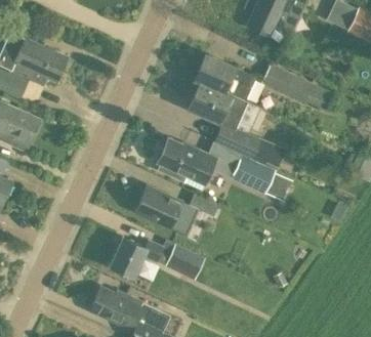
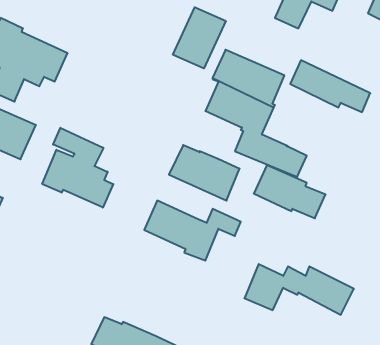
building: none -> [173,7,226,68]
building: none -> [42,128,113,208]
building: [109,237,204,281] -> [244,264,354,315]

